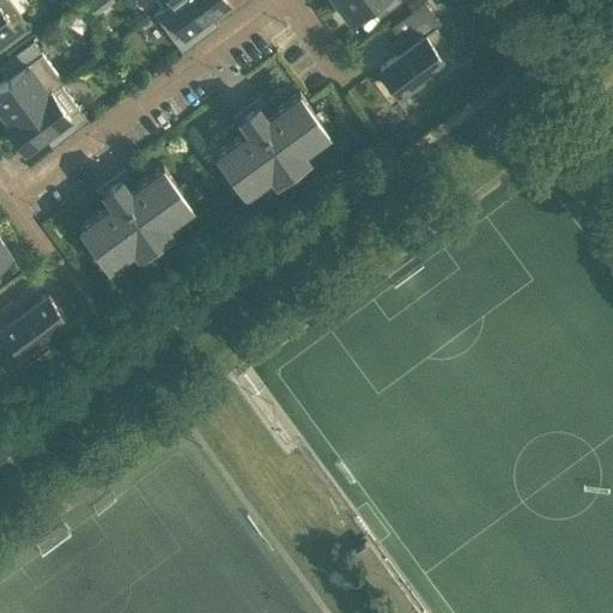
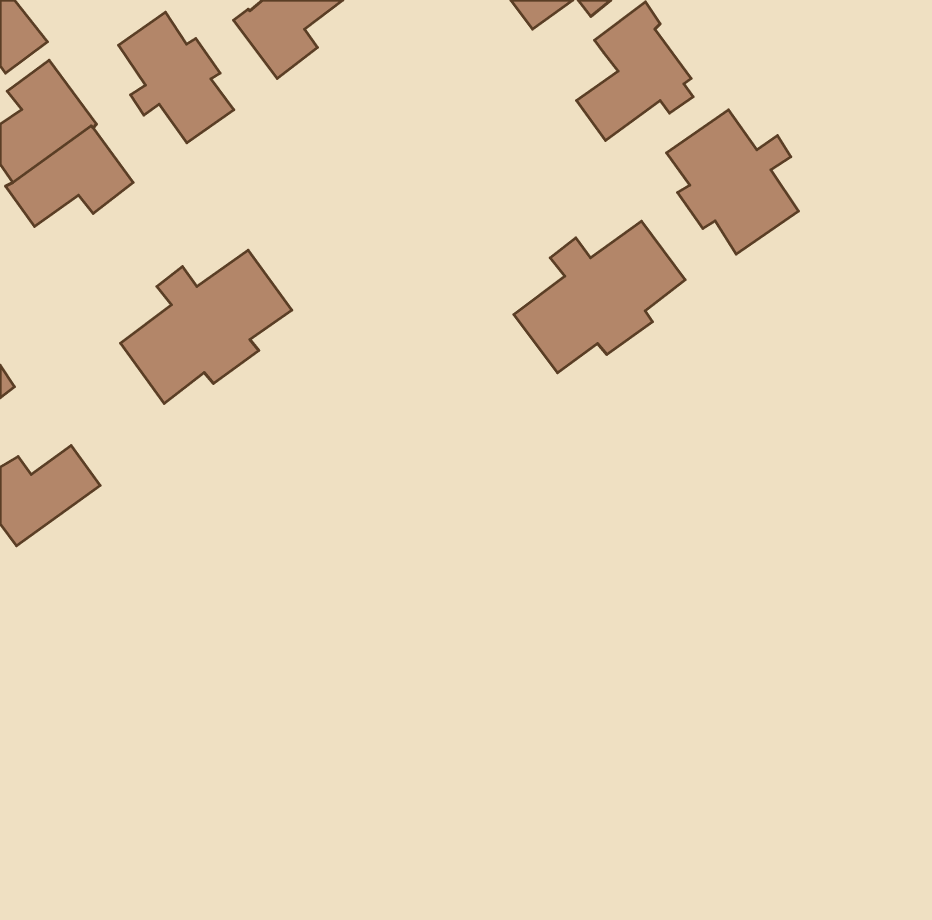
building: none -> [118,12,234,143]
building: none -> [666,110,798,254]
building: [216,99,328,199] -> [514,221,685,373]

